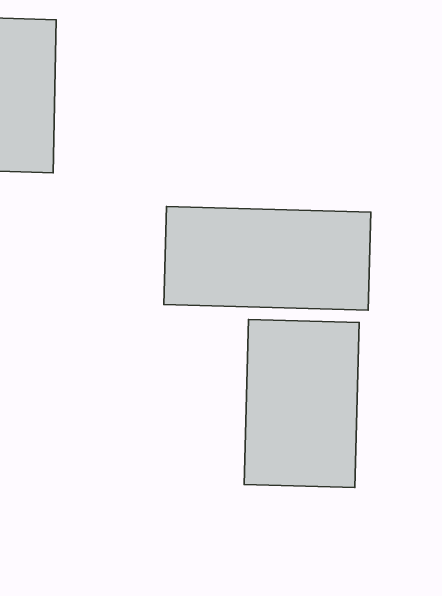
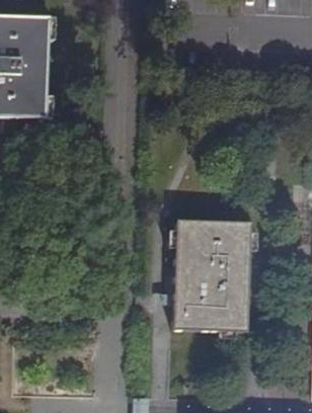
building: [164,207,371,310] -> none

